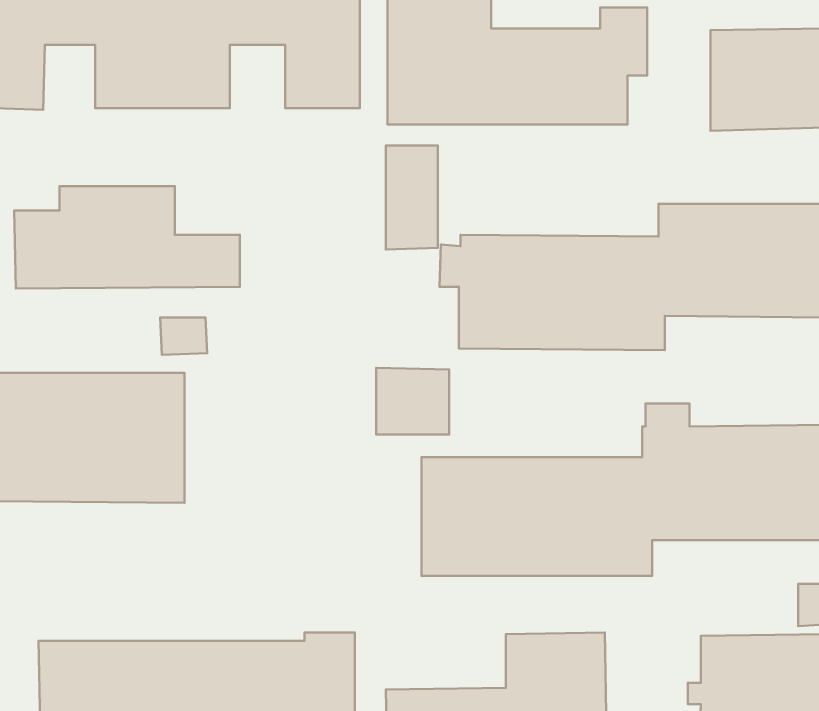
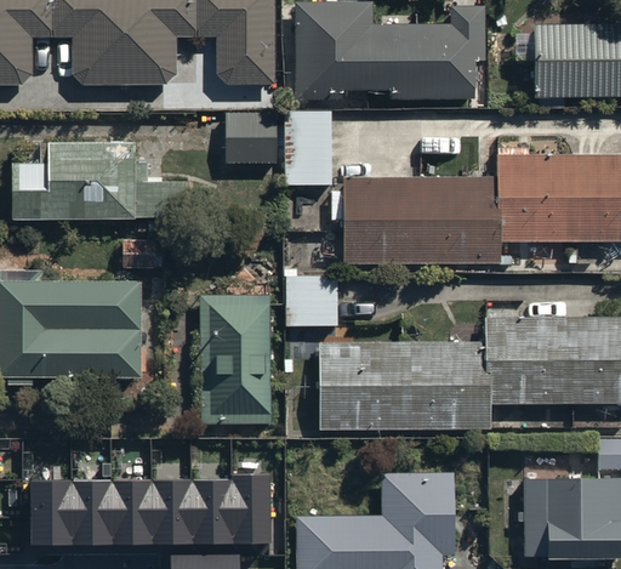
building: none -> [224,110,277,163]
building: none -> [203,296,272,422]

